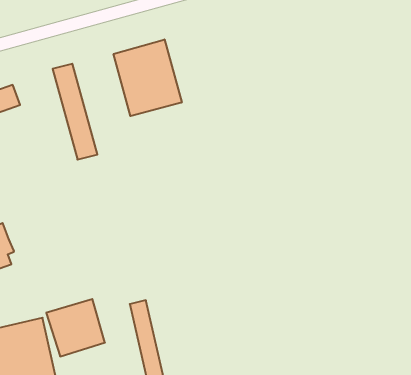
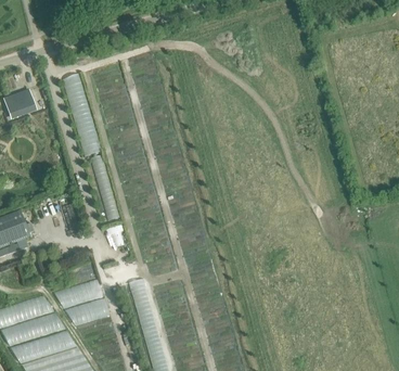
building: [114,39,182,116] -> none

